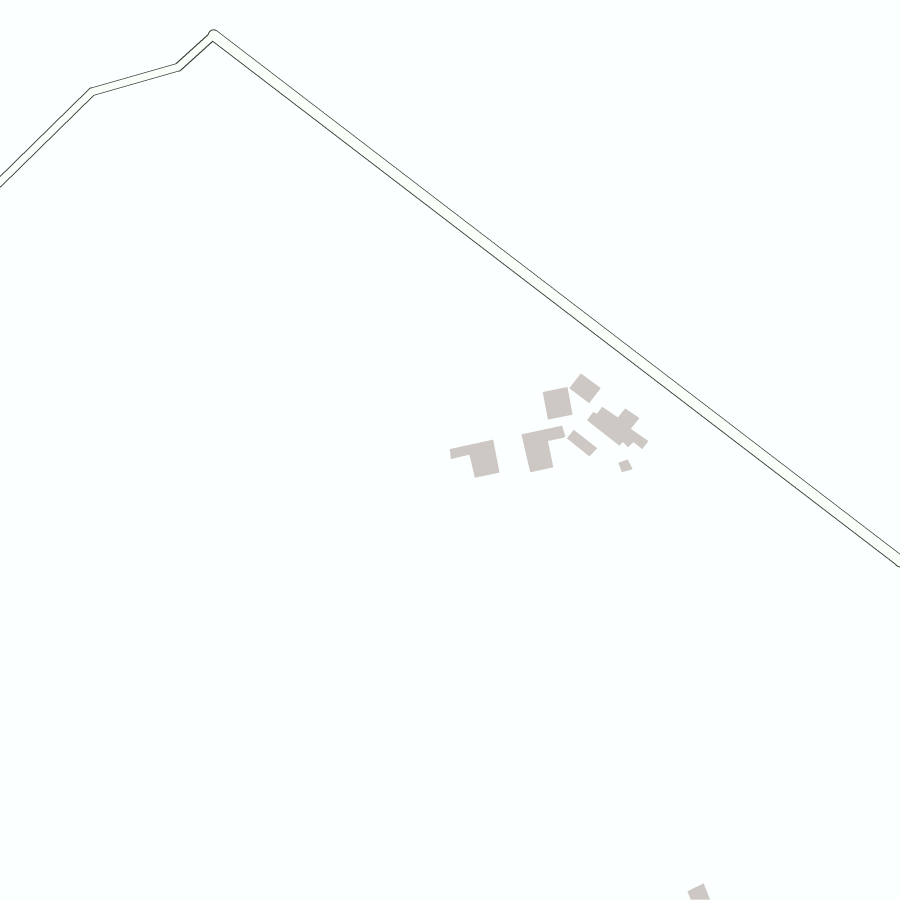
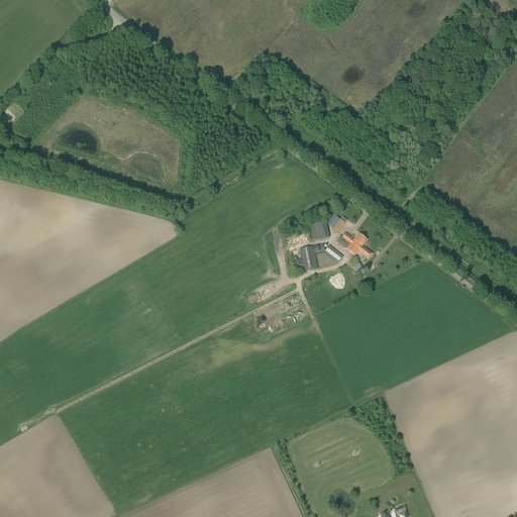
building: [449,439,500,479] -> none

